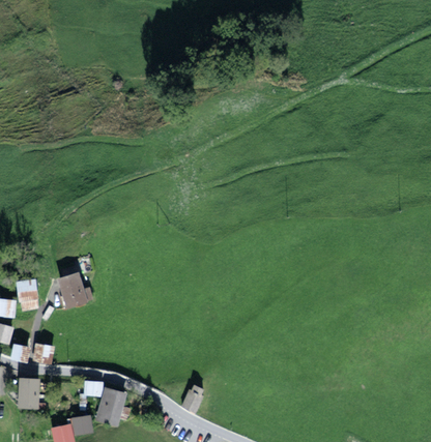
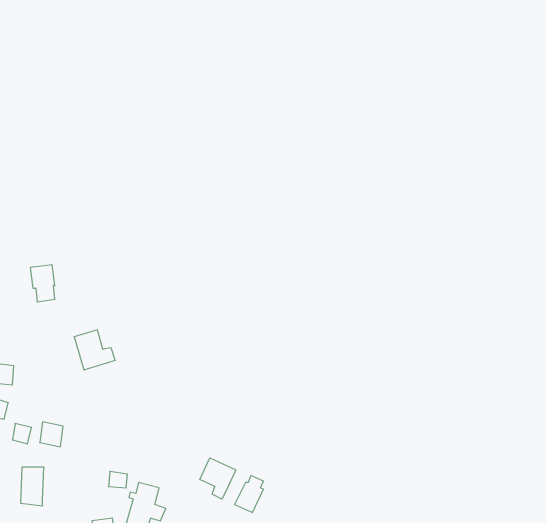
building: [18,281,36,308] -> [30,265,55,302]
building: none -> [200,458,236,499]

